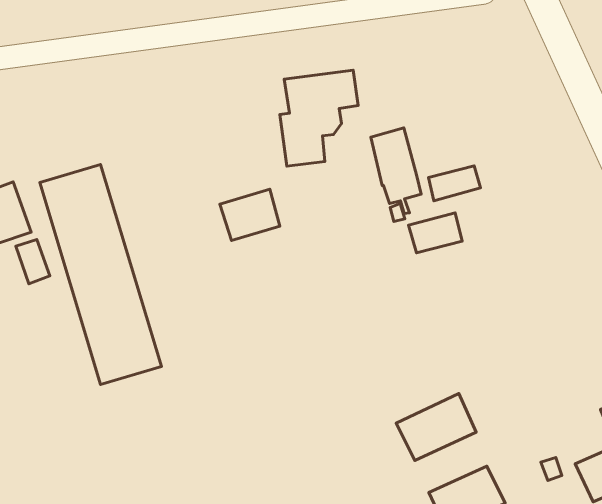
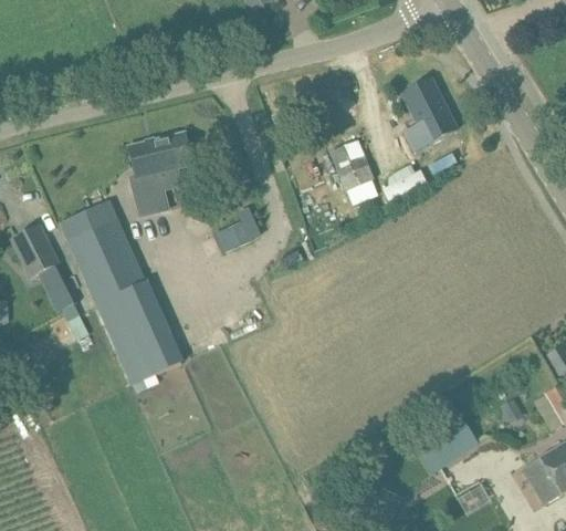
building: none -> [405,81,455,149]
building: [280,70,358,166] -> [128,133,192,219]
building: [409,213,462,253] -> none
building: [396,394,476,460] -> none

